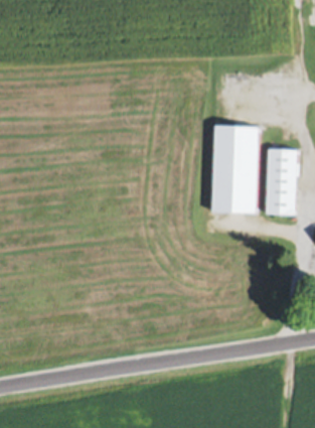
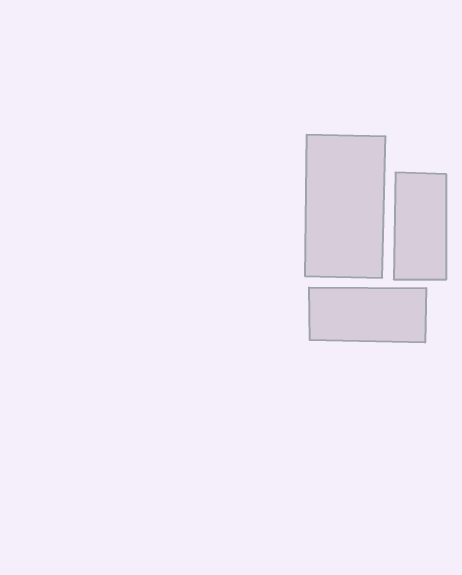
building: none -> [309,287,426,343]

